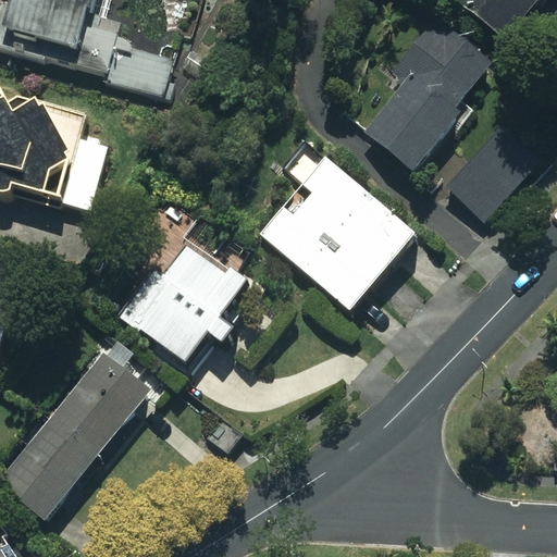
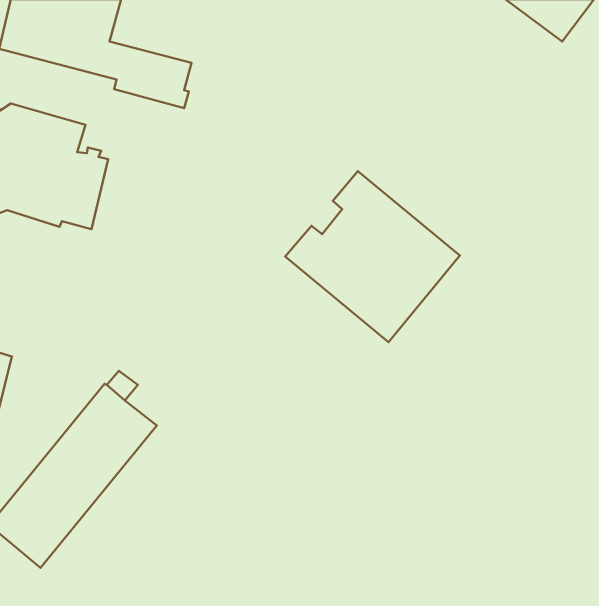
building: [363,16,494,173] -> none
building: [445,126,537,218] -> none
building: [119,246,257,368] -> none

